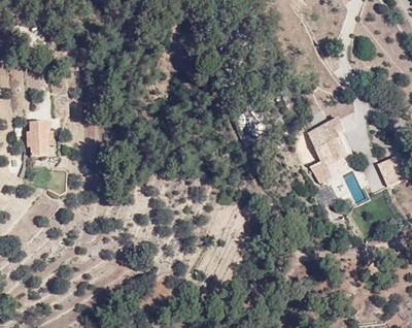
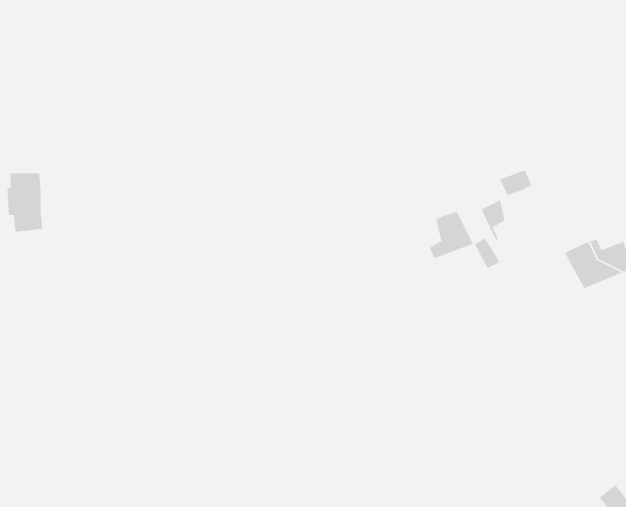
building: [322,131,350,161] -> [429,211,474,259]

